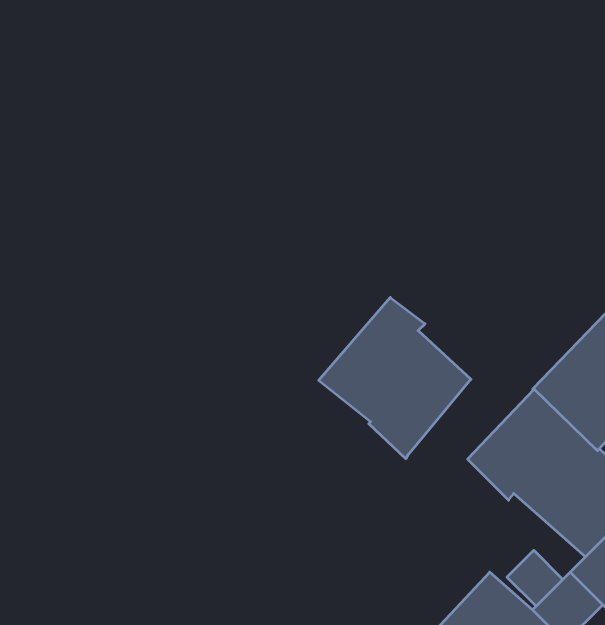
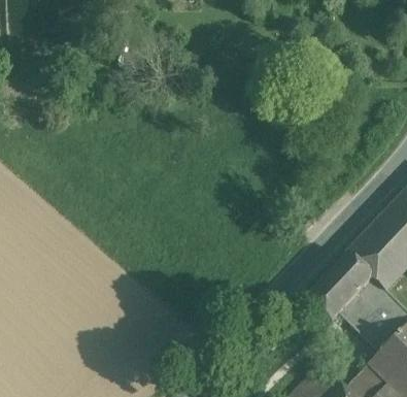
building: [319,297,471,459] -> none
building: [507,550,563,606] -> none

